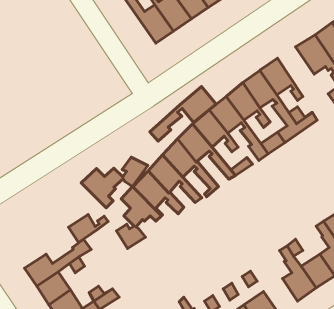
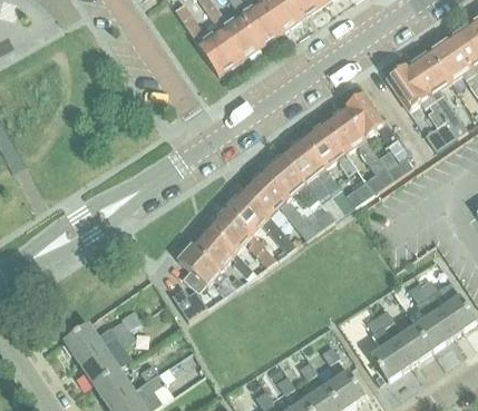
building: [150,86,216,141] -> none
building: [81,157,148,208] -> none
building: [69,215,108,243] -> none

